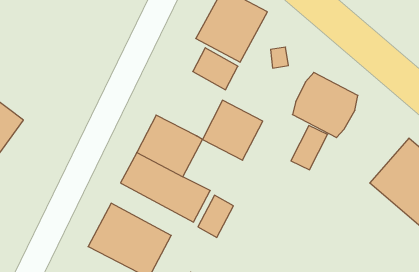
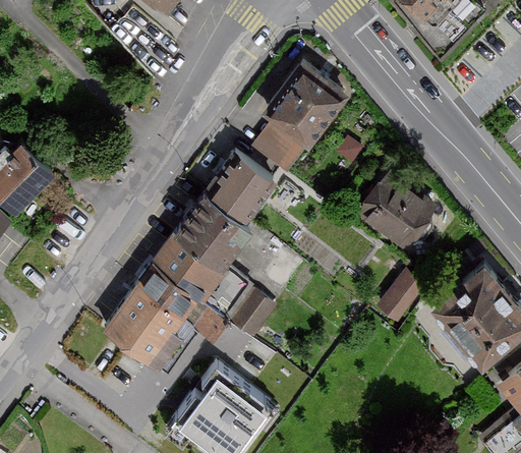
building: [202,100,263,160] -> [204,151,275,222]
building: [291,126,328,170] -> [378,272,423,322]
building: none -> [137,263,227,339]

